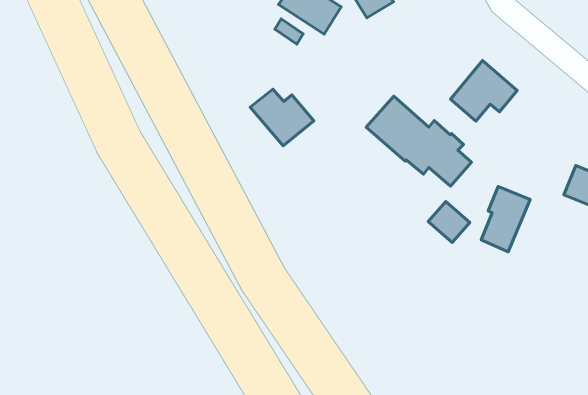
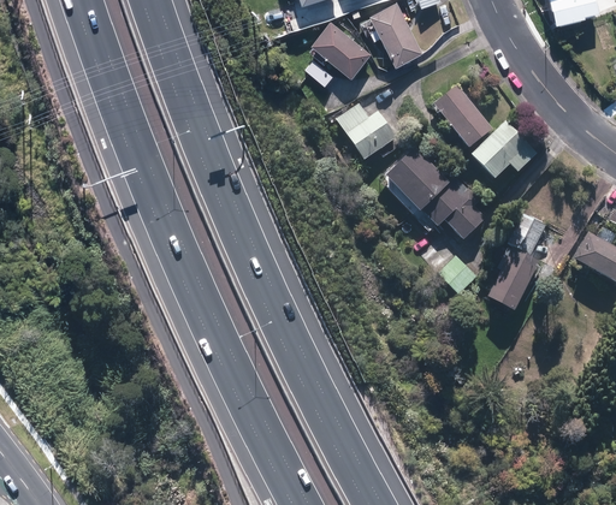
building: none -> [433,85,492,148]
building: [250,89,314,146] -> [336,105,397,161]
building: none -> [508,213,546,255]

